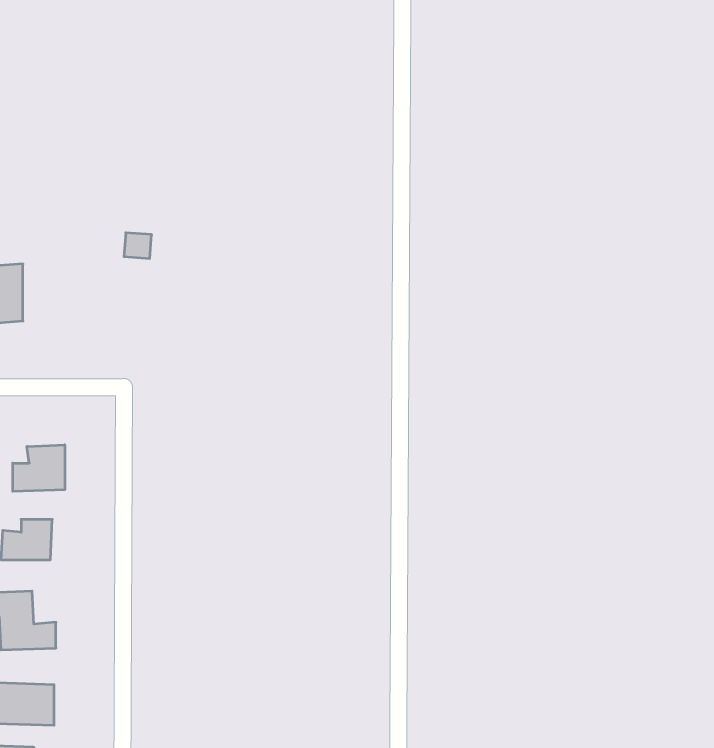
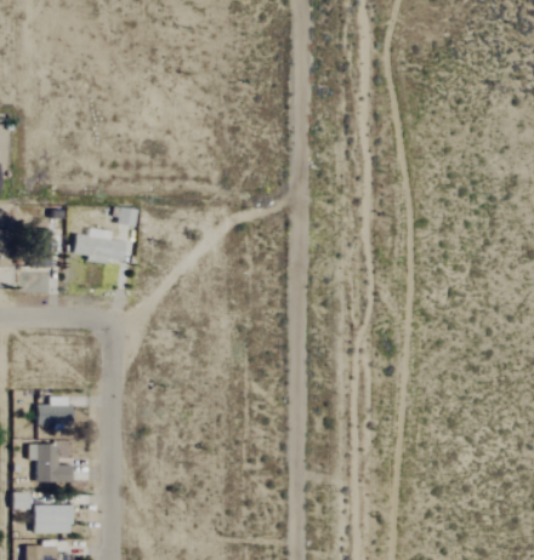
building: none -> [74,229,126,263]
building: [13,445,65,491] -> none

